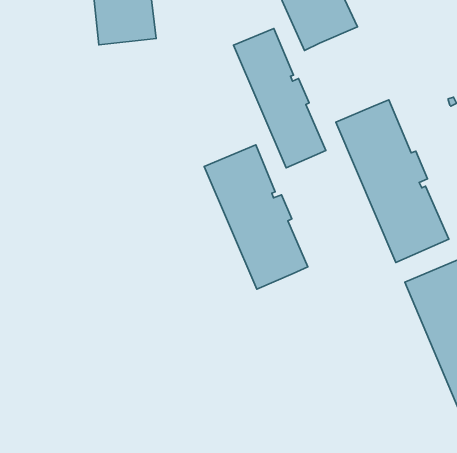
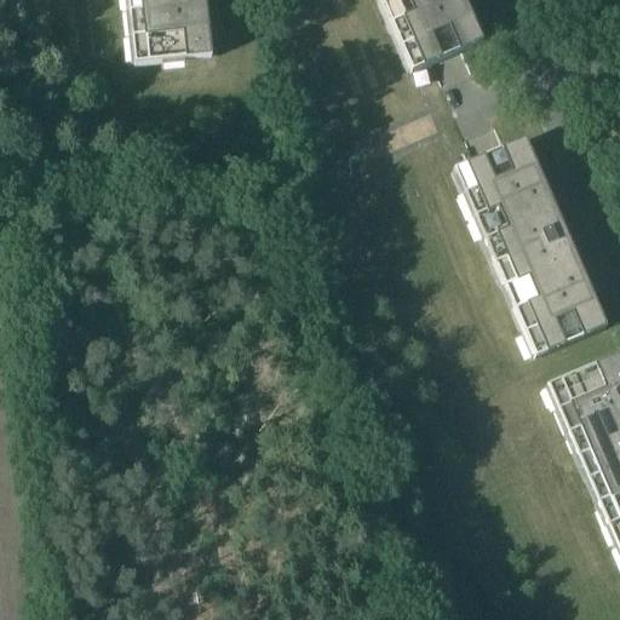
building: [234,29,326,168] -> none
building: [204,145,308,289] -> none

